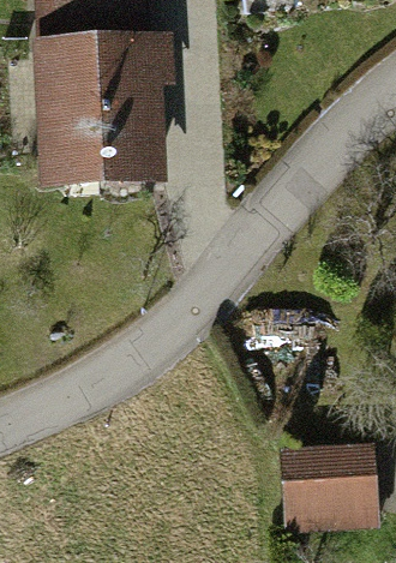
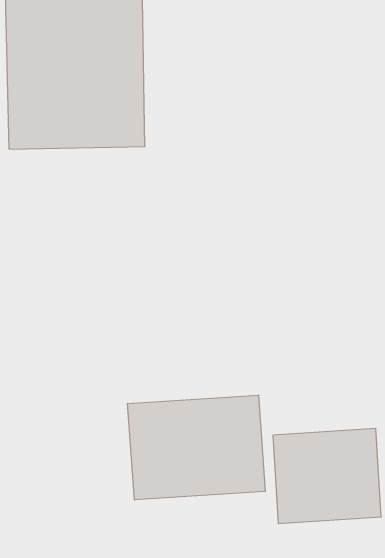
building: none -> [128,395,265,500]

